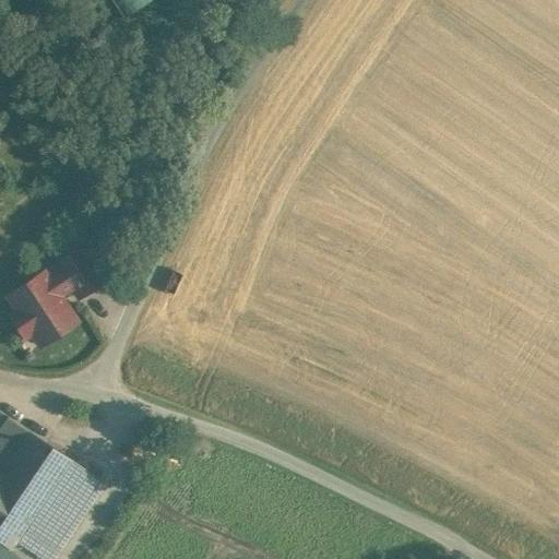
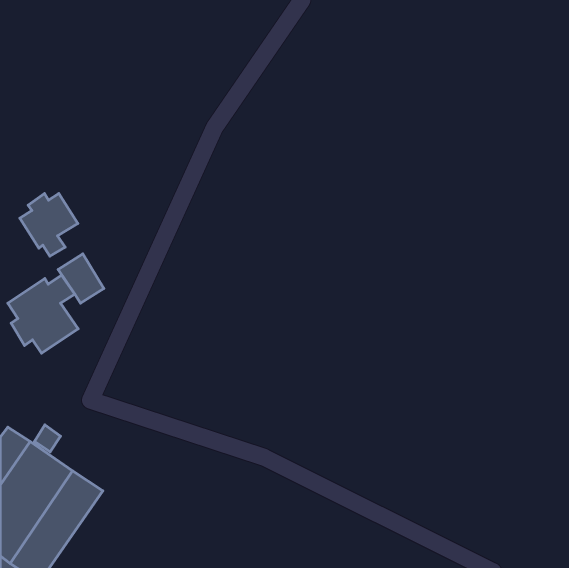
building: none -> [20,194,78,256]

